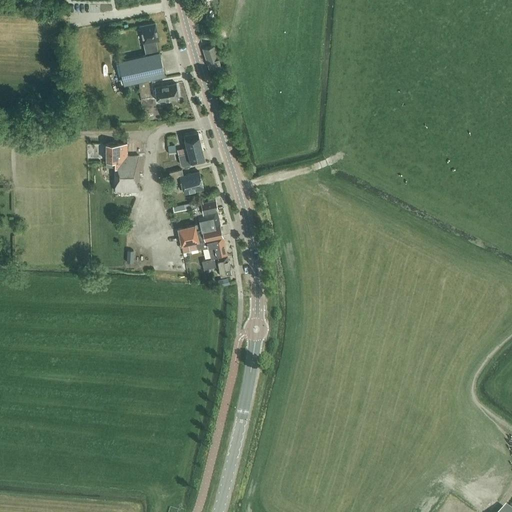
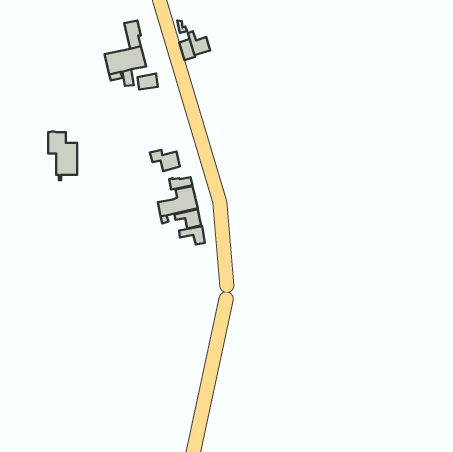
building: none -> [188,31,210,55]
building: [177,134,205,167] -> none
building: [106,143,139,198] -> [48,131,77,180]

